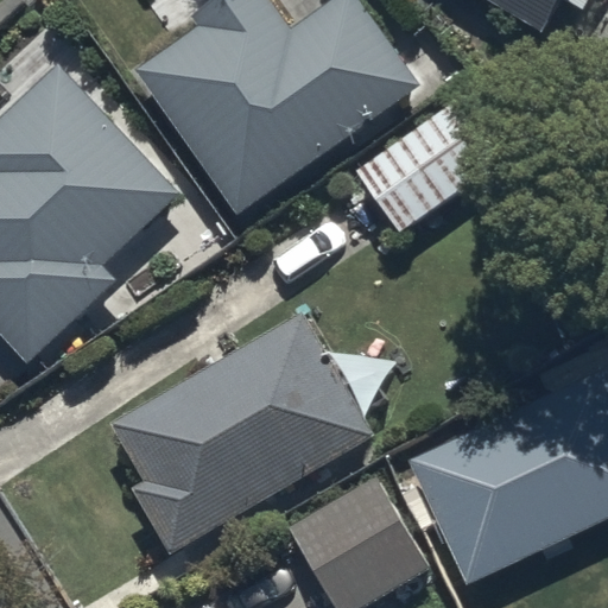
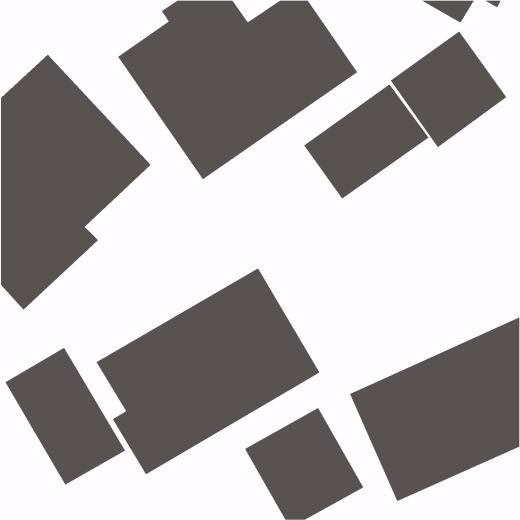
building: none -> [390,30,507,148]
building: none -> [4,347,126,485]

